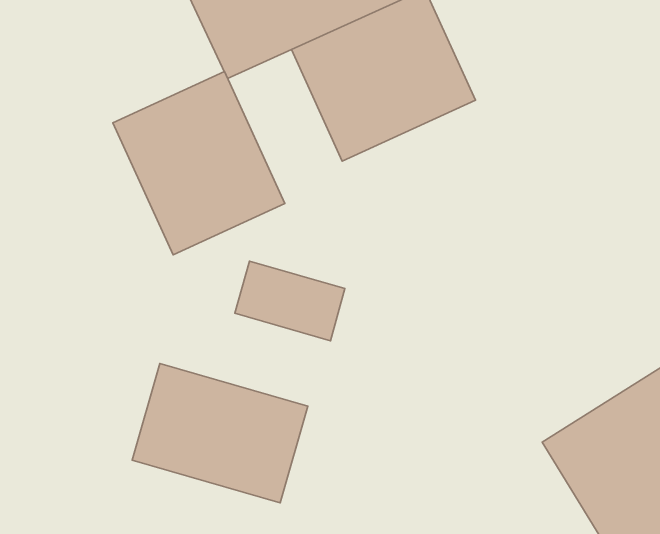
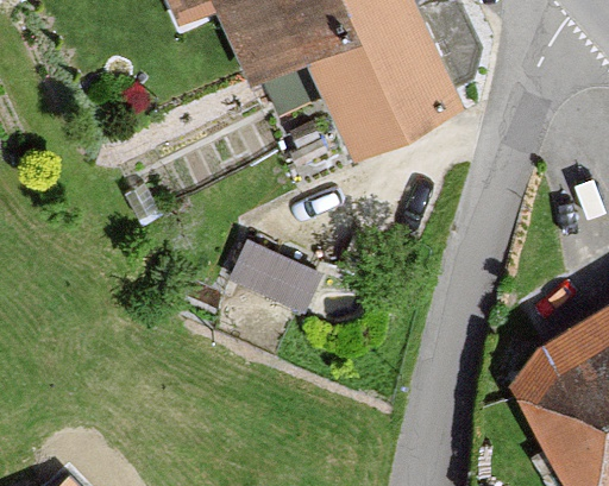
building: [113,72,285,255] -> none
building: [132,364,308,503] -> none

